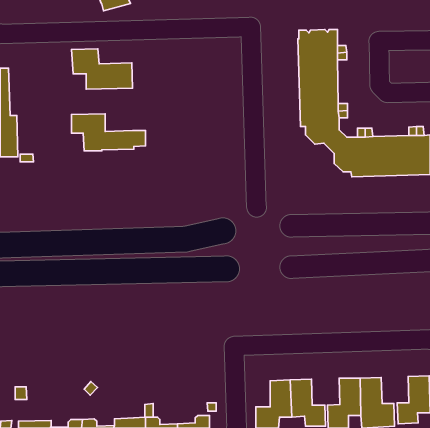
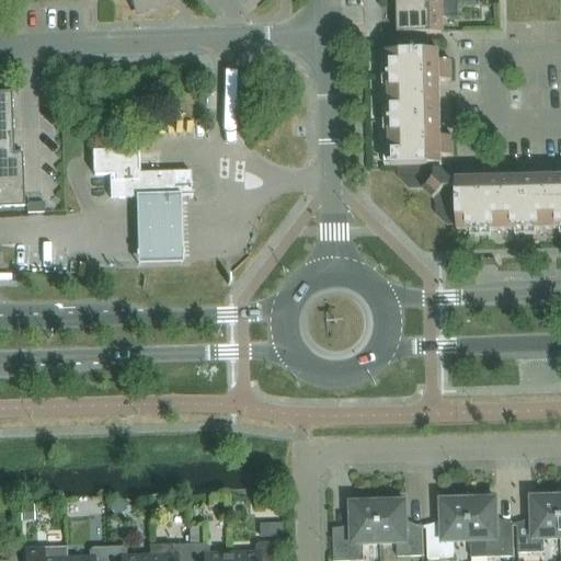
building: none -> [397,4,458,31]
building: [72,49,133,89] -> none
building: none -> [133,194,184,271]

